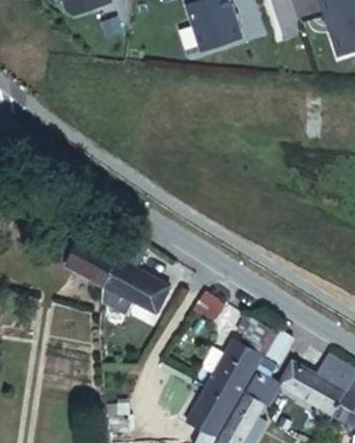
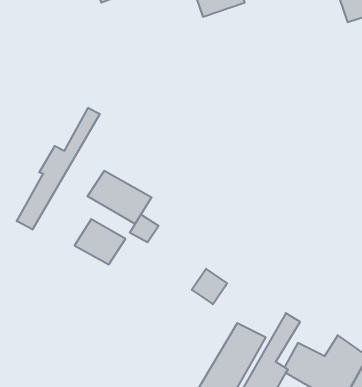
building: none -> [17,108,100,230]
building: [112,261,172,311] -> [87,171,152,224]

